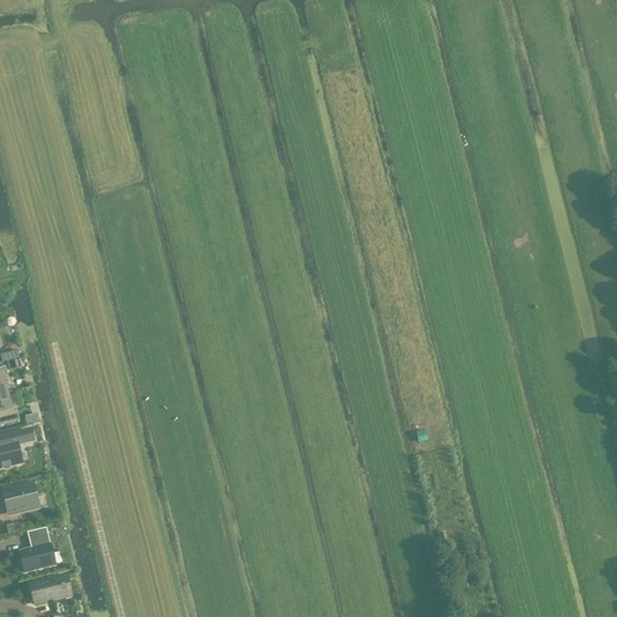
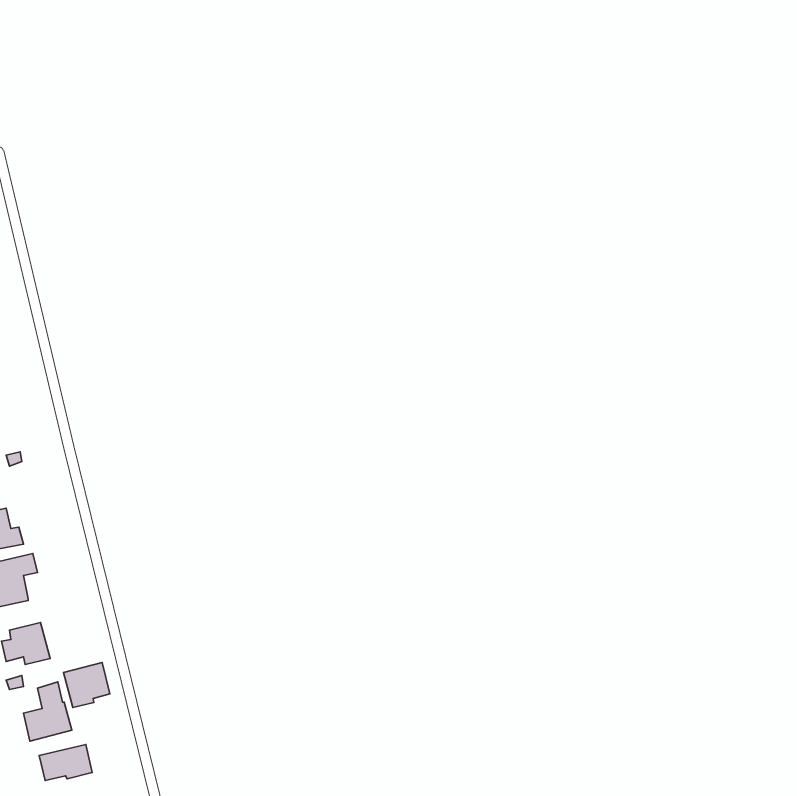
building: none -> [64,662,110,708]

